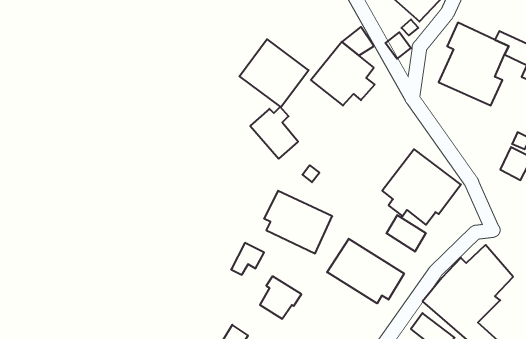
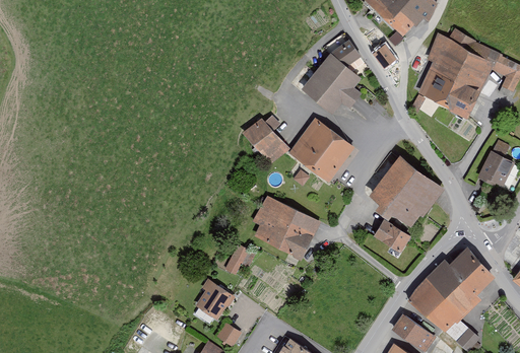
building: [239,39,309,107] -> [287,119,353,184]
building: [327,239,404,303] -> none
building: [260,276,301,319] -> [194,280,234,321]

